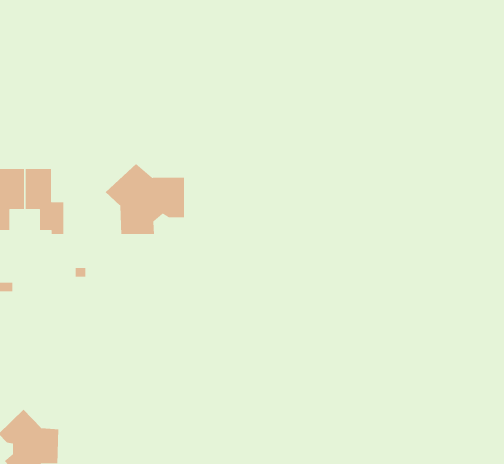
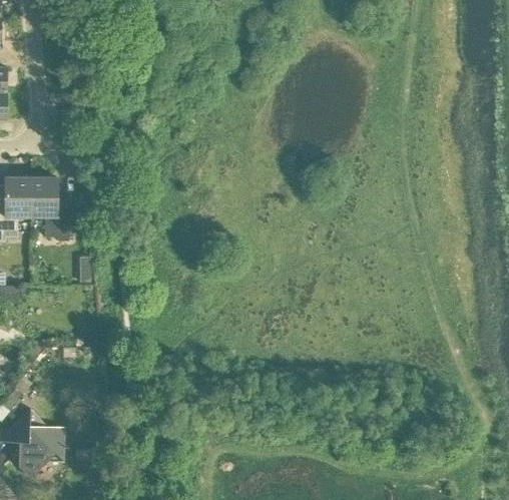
building: [105,163,185,235] -> none

